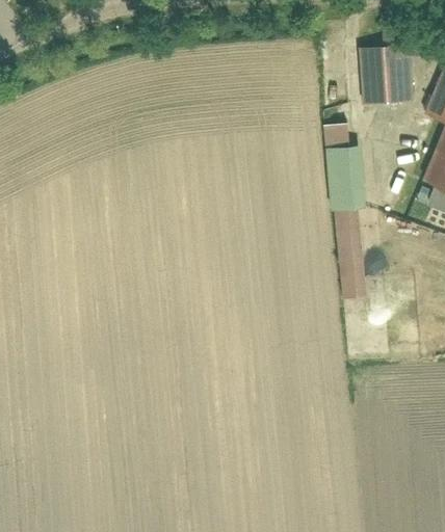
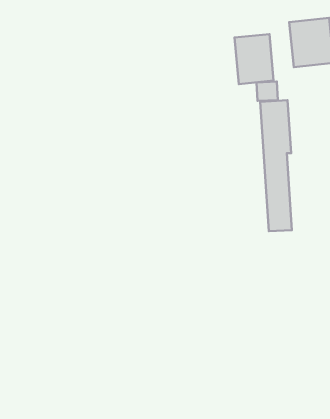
building: none -> [235,34,274,84]

